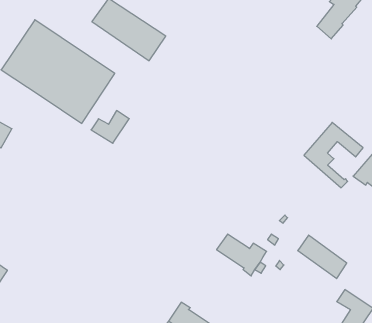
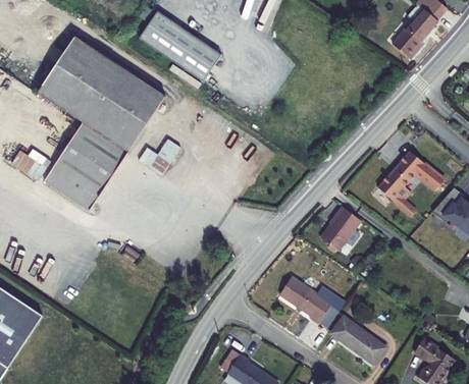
building: none -> [44,121,128,210]
building: none -> [319,206,360,250]
building: [298,235,347,279] -> [330,315,385,364]

